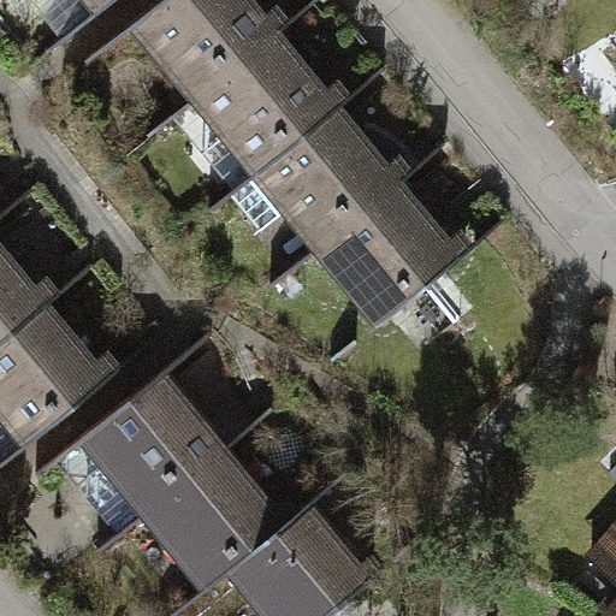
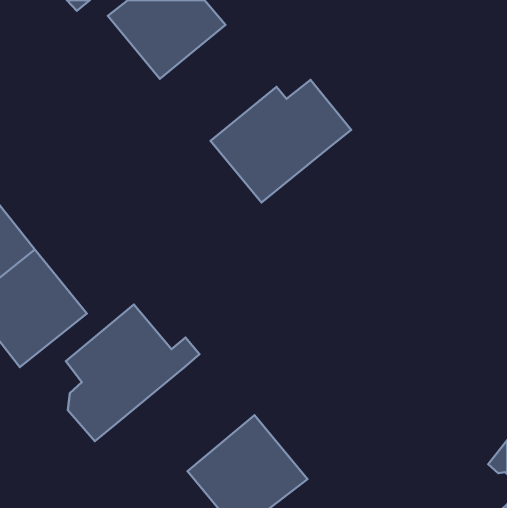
building: [192,32,333,172] -> none
building: [315,182,457,324] -> none
building: [141,445,285,588] -> none

